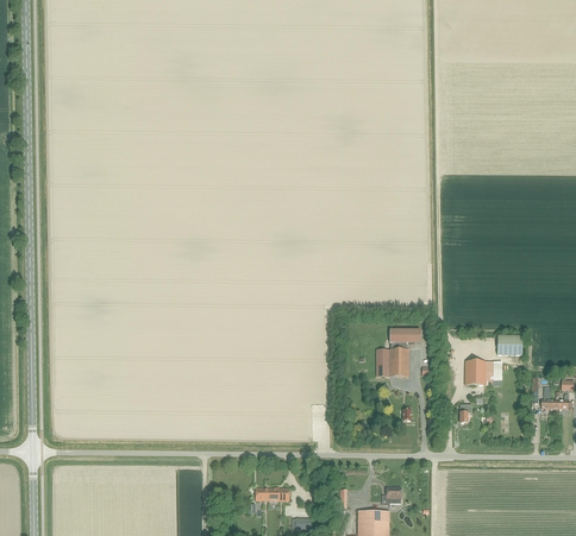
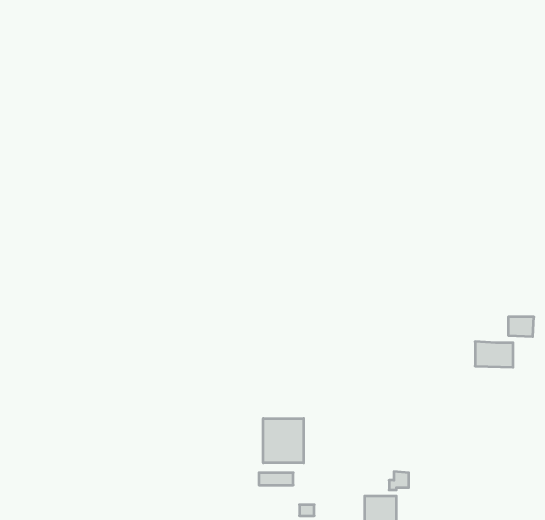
building: [376,329,419,376] -> none
building: none -> [263,418,304,463]

